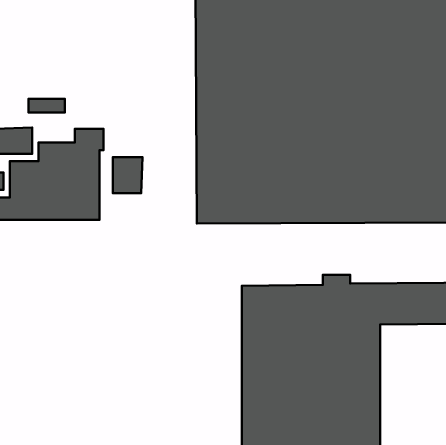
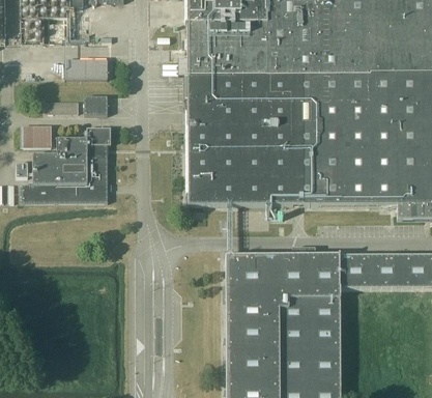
building: none -> [64,59,107,79]
building: none -> [85,95,108,115]
building: [113,157,142,193] -> none

